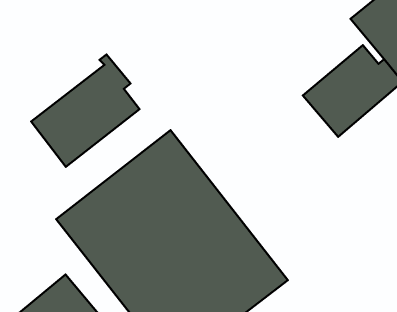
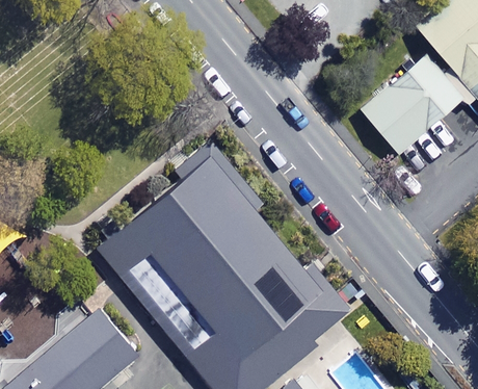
building: [31,55,139,167] -> none

